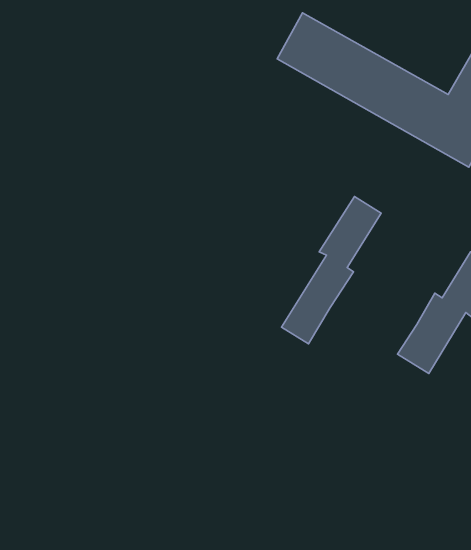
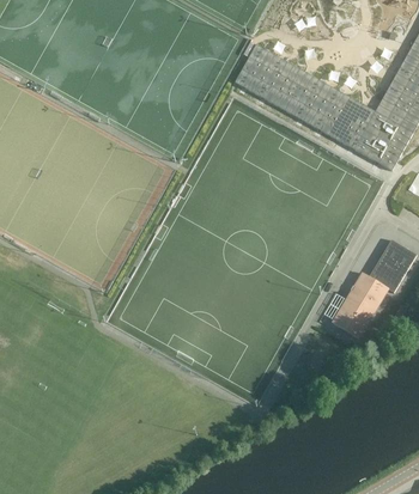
building: [282,196,381,344] -> none

